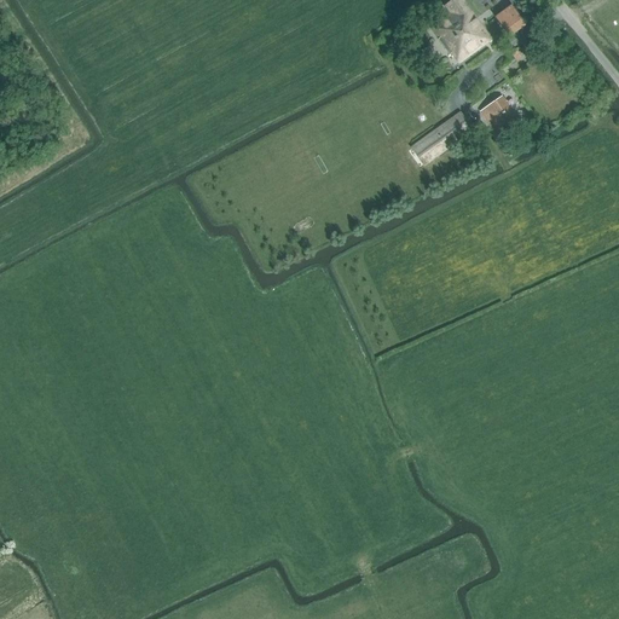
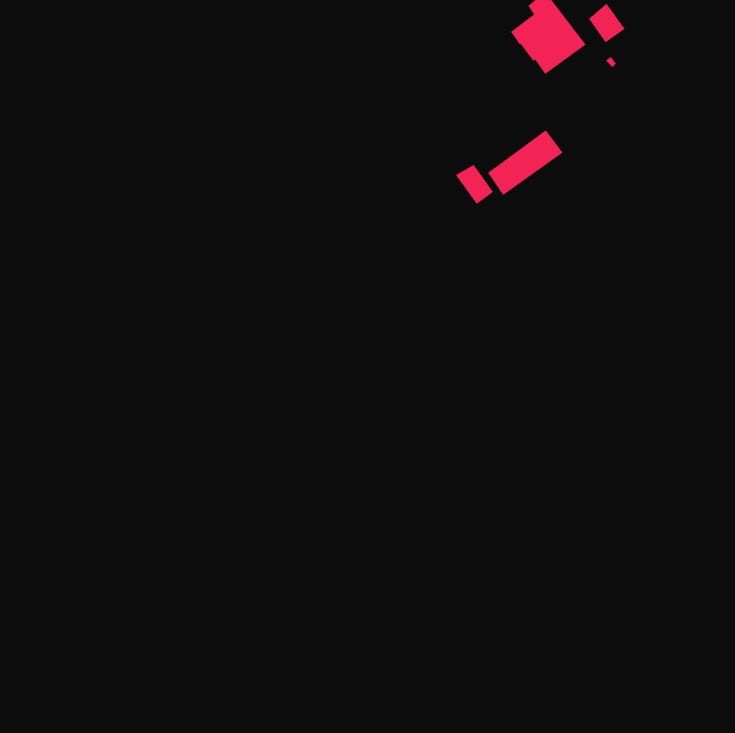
building: [479,96,516,133] -> none
building: none -> [455,164,494,205]

